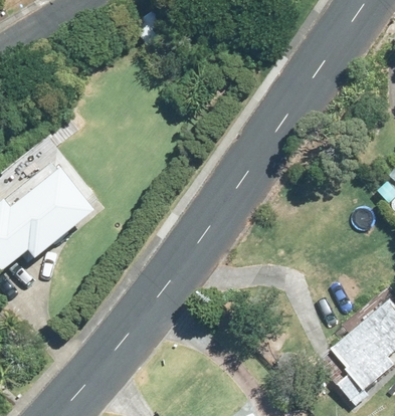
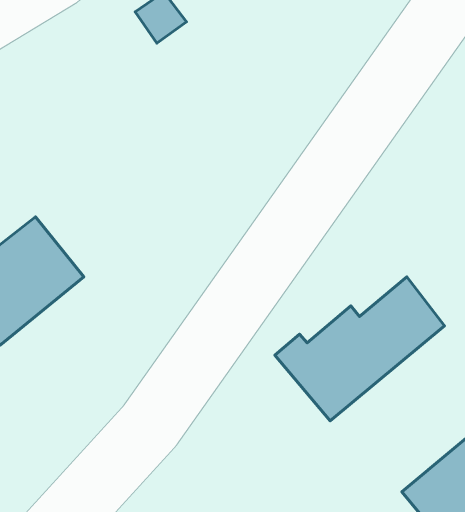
building: none -> [275,277,444,421]

